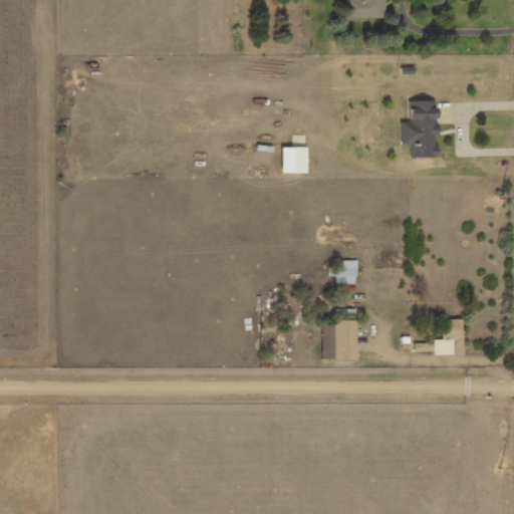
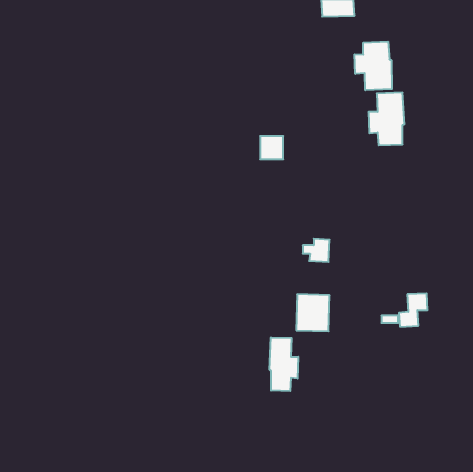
building: none -> [355,42,392,90]
building: none -> [270,337,298,391]

